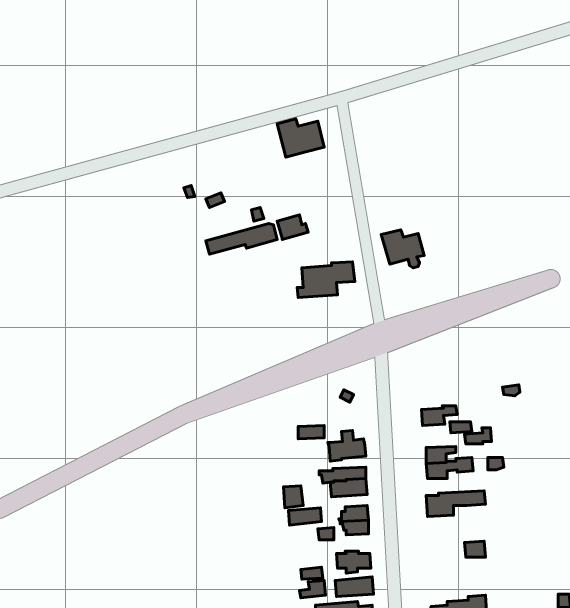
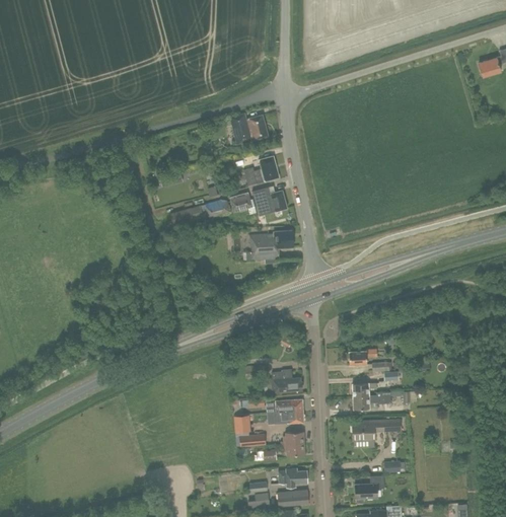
building: none -> [243,155,279,186]
building: [381,230,424,268] -> [251,187,287,218]
building: none -> [354,475,384,503]

